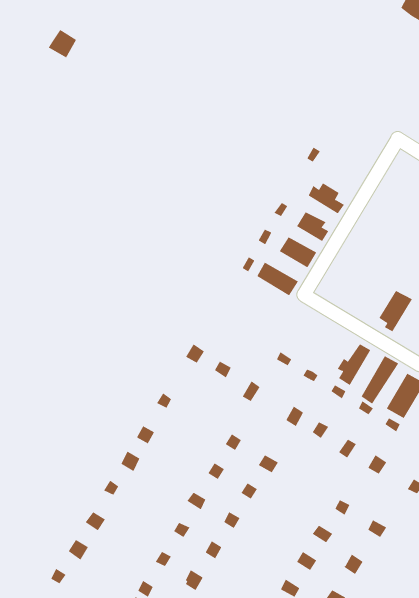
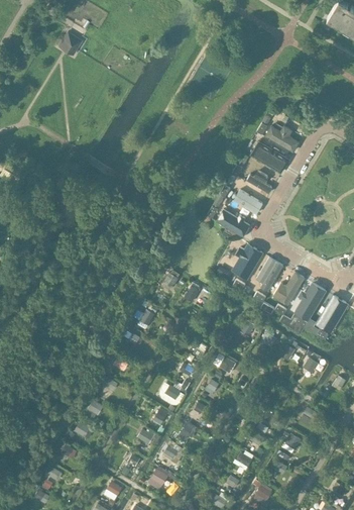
building: none -> [266,122,301,154]
building: [378,290,413,332] -> [258,259,284,291]
building: none -> [239,244,263,278]

